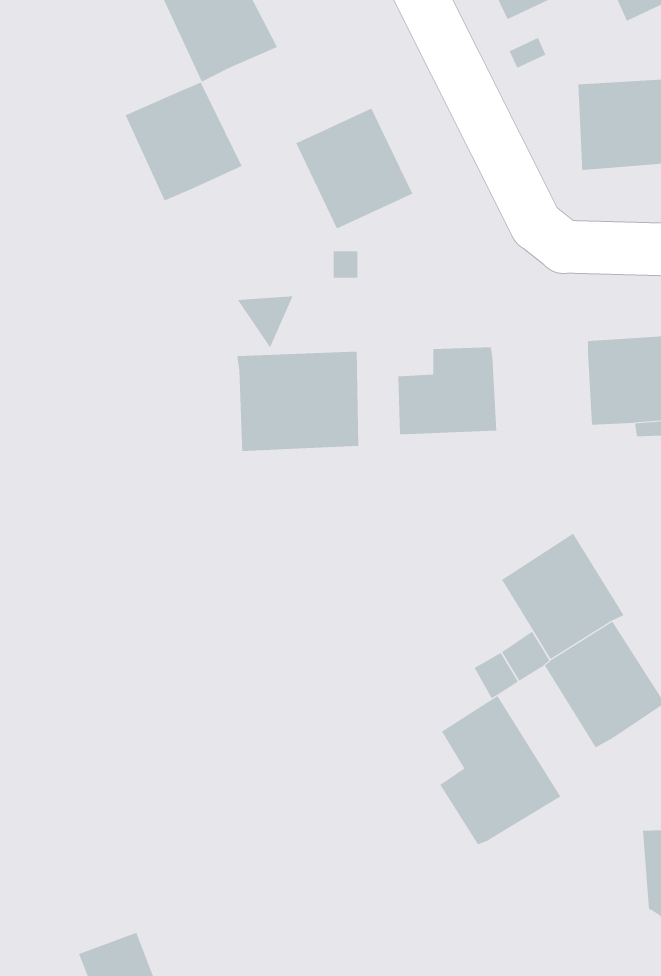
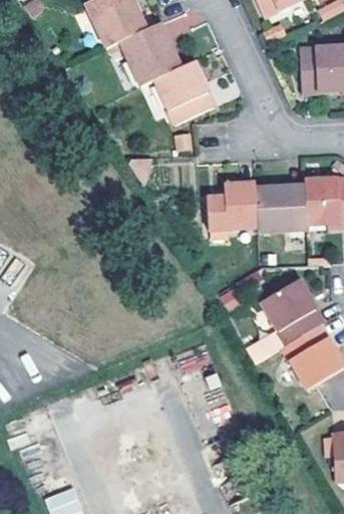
building: [125,82,242,201] -> [120,24,181,85]
building: [237,351,359,452] -> none
building: none -> [256,187,306,232]
building: [439,695,561,845] -> none

